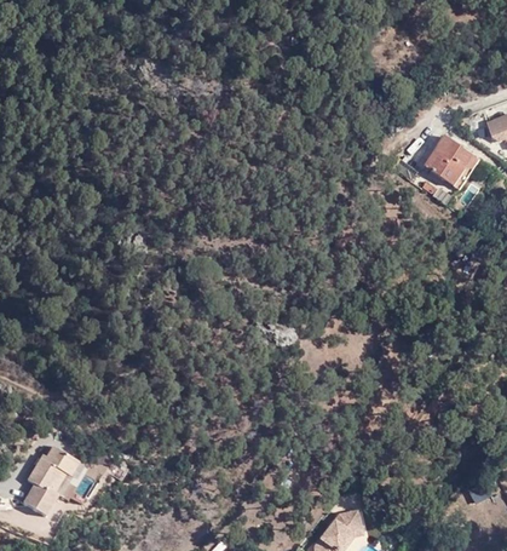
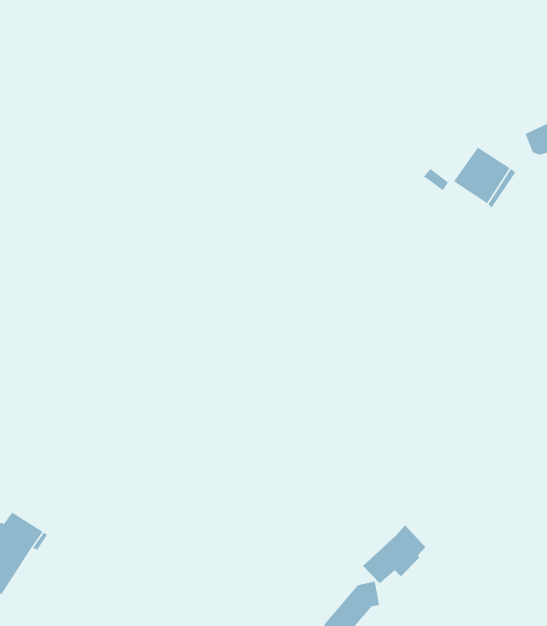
building: none -> [362,524,426,584]

